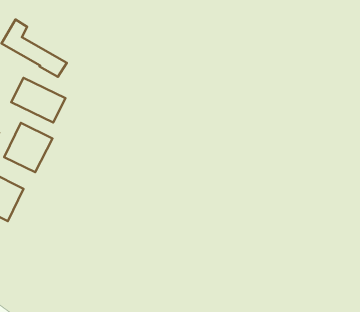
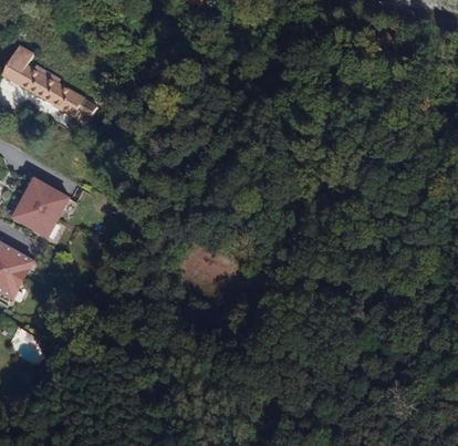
building: [11,78,65,122] -> none

